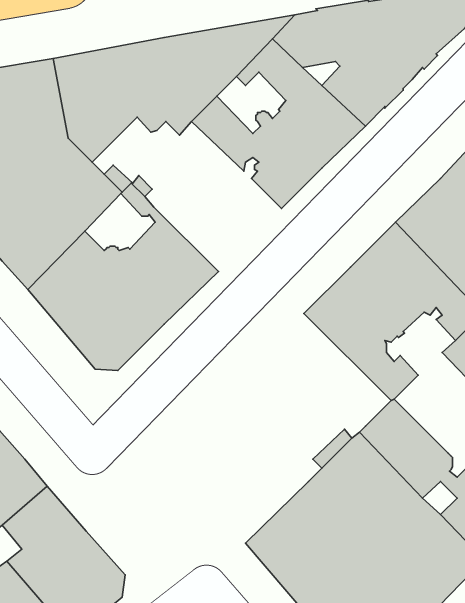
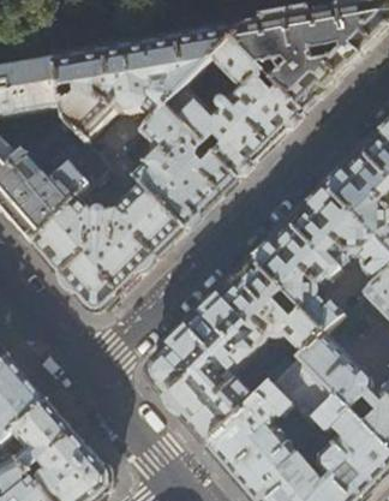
building: none -> [131,108,233,228]
building: none -> [148,262,321,446]

